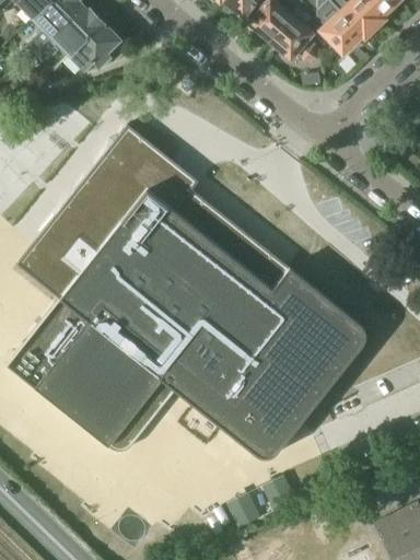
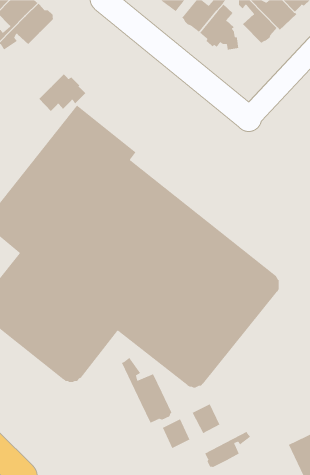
building: [71,24,127,69] -> [39,74,86,112]
building: none -> [121,357,173,424]
building: none -> [204,431,251,468]

